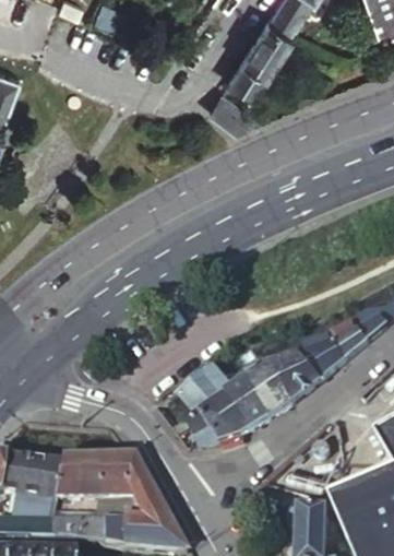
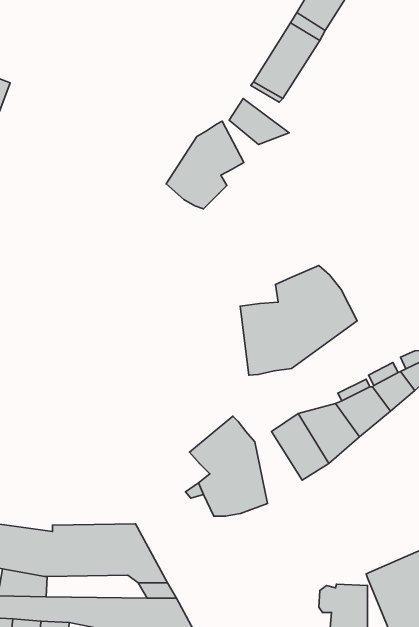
building: none -> [166,121,244,209]
building: none -> [240,266,357,375]
building: [232,372,273,434] -> none

